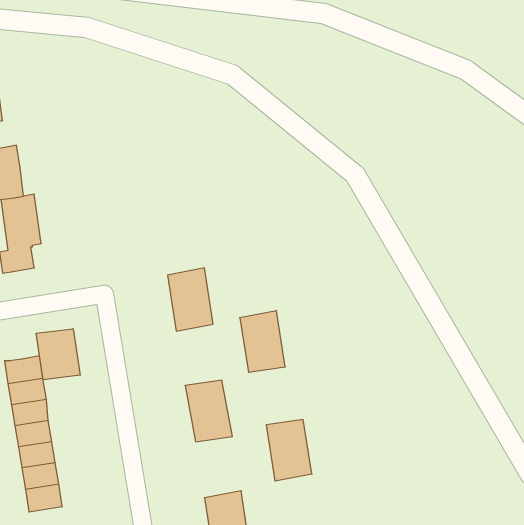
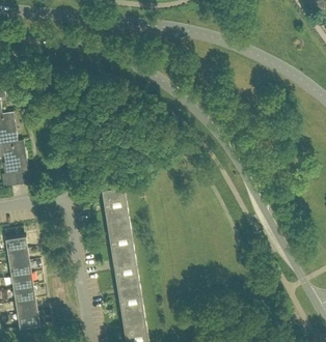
building: [240,311,285,372] -> [106,213,133,250]
building: [36,329,80,380] -> none
building: [266,420,312,481] -> [117,280,144,316]

